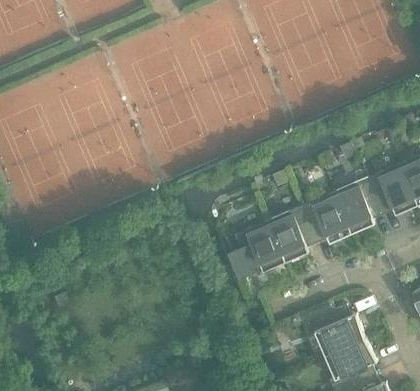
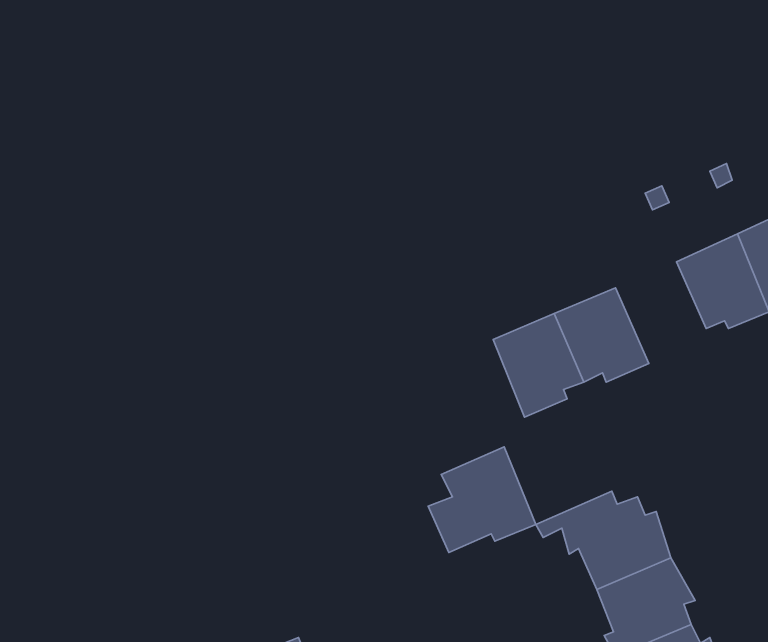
building: [335,179,384,234] -> none
building: [228,221,286,278] -> [428,447,536,552]

